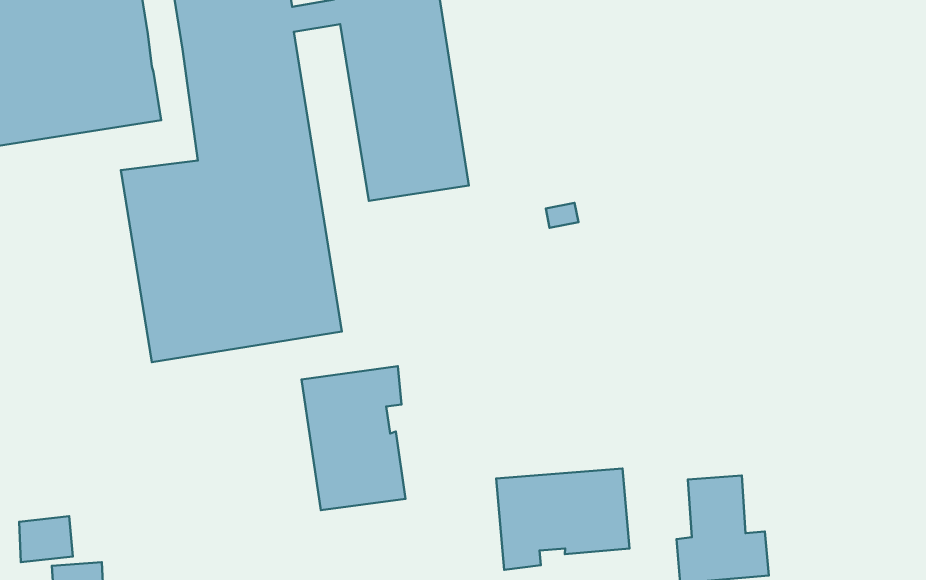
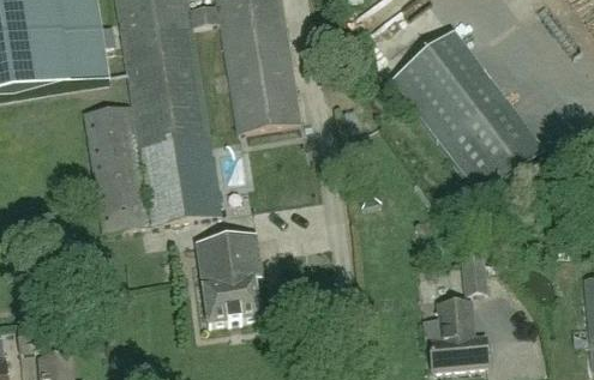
building: none -> [392,31,544,197]
building: none -> [462,257,487,291]
building: [496,469,630,570] -> none

